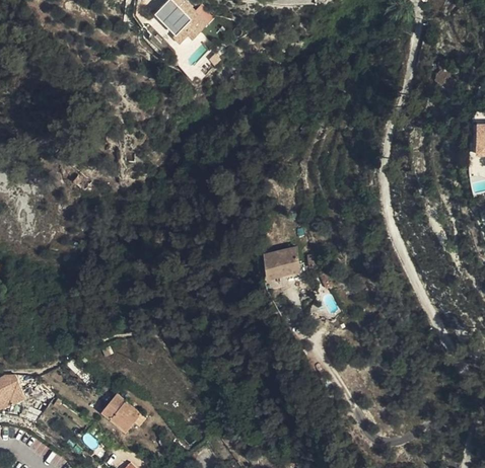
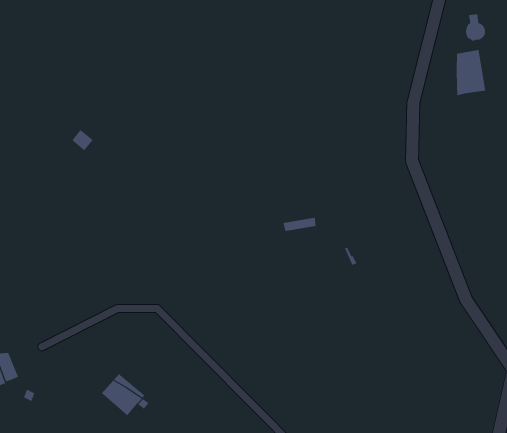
building: none -> [456,49,486,96]
building: [267,256,298,278] -> none

